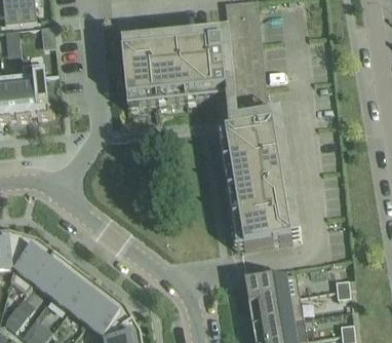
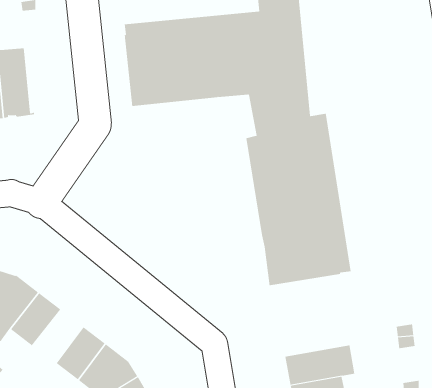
building: [49,267,89,309] -> none
building: [244,272,299,304] -> none

